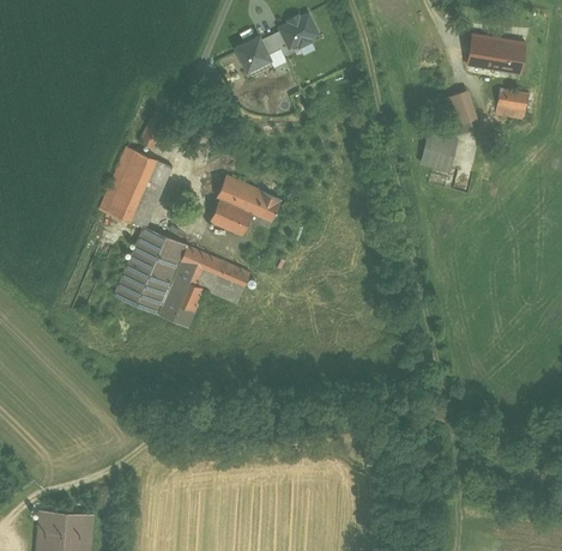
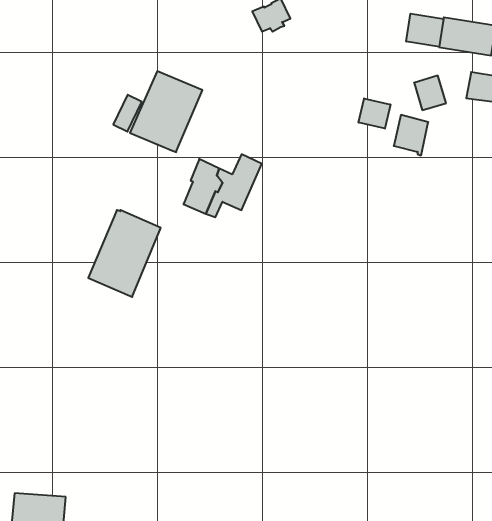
building: none -> [406,14,443,47]
building: [236,37,270,71] -> none
building: none -> [359,98,390,129]
building: [99,147,173,229] -> [130,71,202,152]
building: [158,246,250,327] -> none

